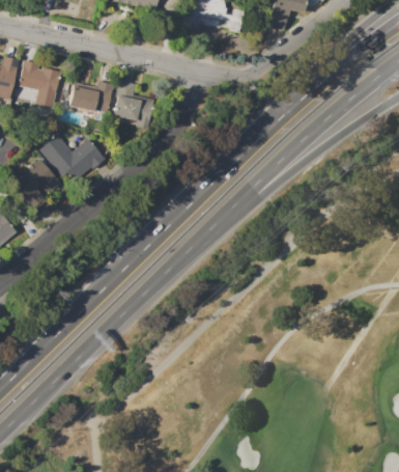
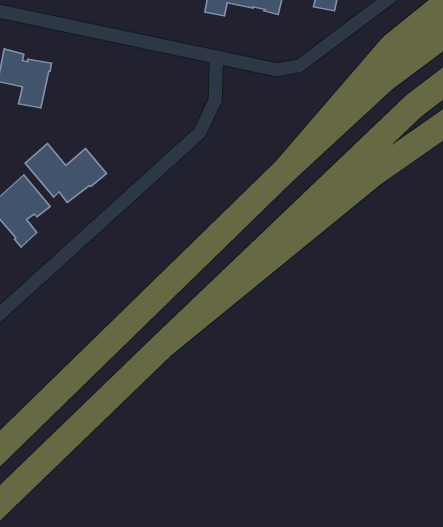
building: [69,80,113,113] -> none
building: [113,80,154,128] -> none

